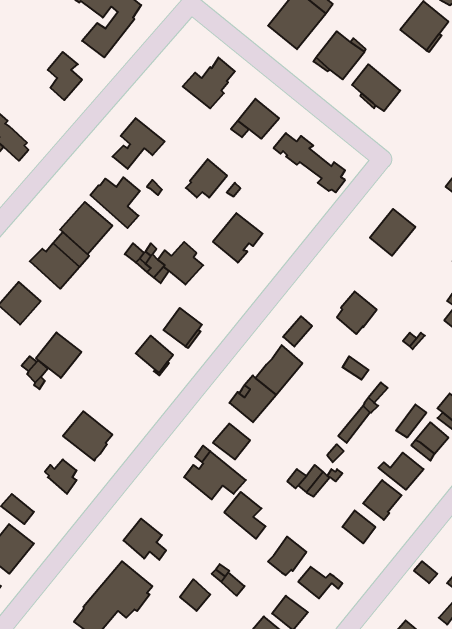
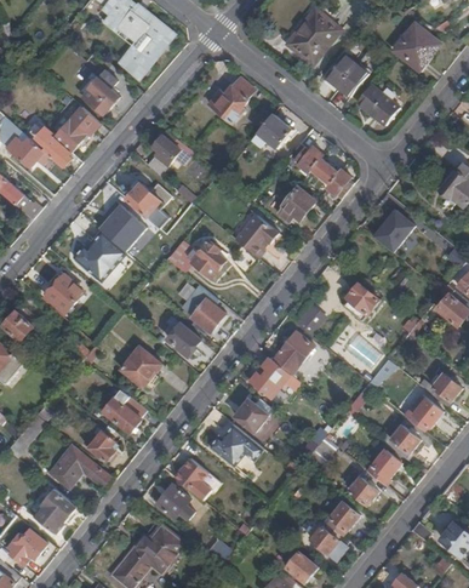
building: none -> [55,109,99,152]
building: [186,159,227,198] -> [278,185,314,219]
building: [36,332,81,378] -> [120,346,160,386]
building: none -> [57,445,110,486]
building: [224,492,266,539] -> [175,458,211,499]
building: [268,537,306,575] -> [325,499,359,533]

